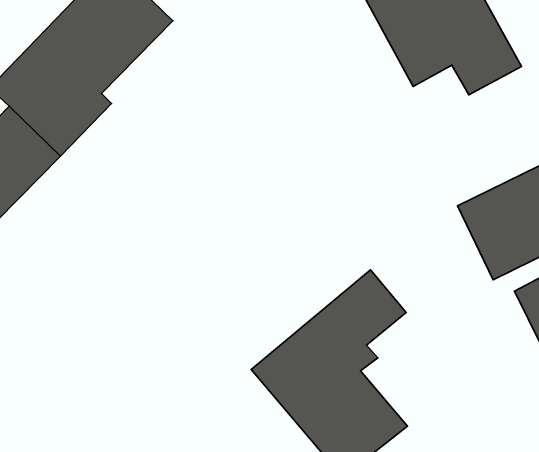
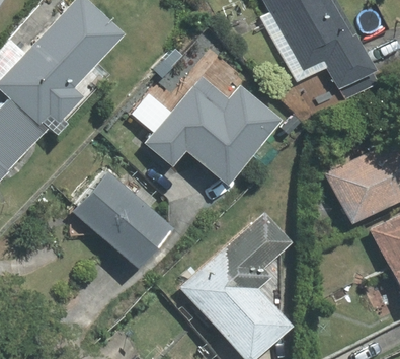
building: none -> [140,74,283,184]
building: none -> [71,167,171,267]

